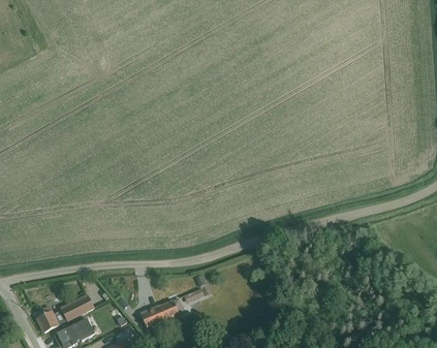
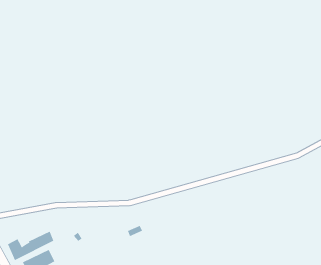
building: [139,296,184,326] -> none

